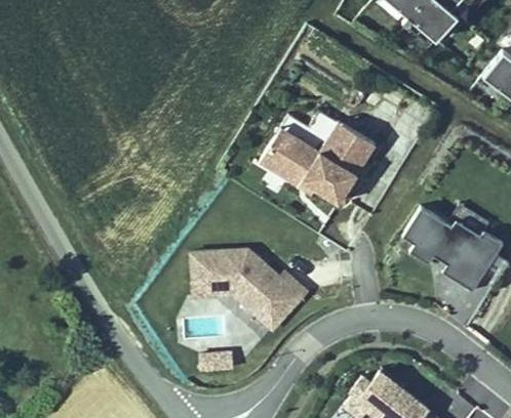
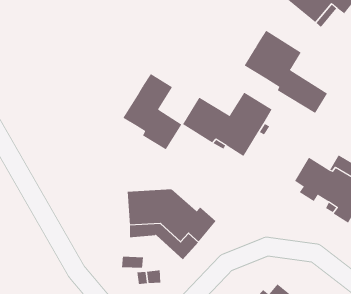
building: none -> [244,30,328,114]
building: none -> [123,73,182,150]

